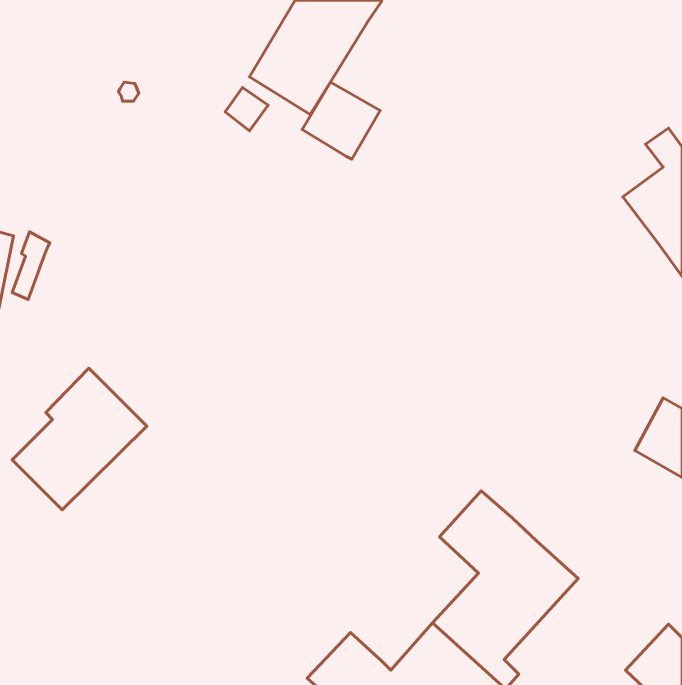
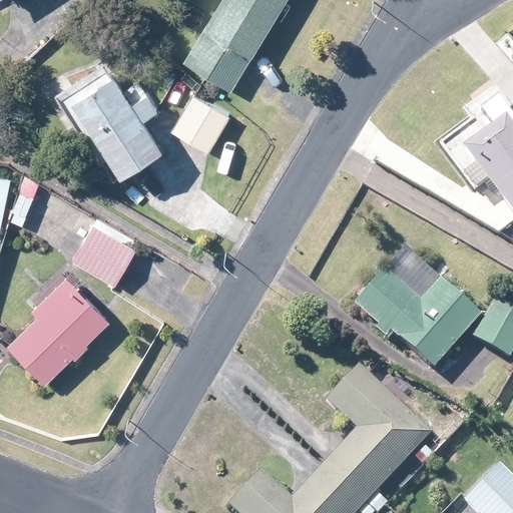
building: [302,82,380,159] -> [171,94,229,151]
building: none -> [77,70,168,173]
building: none -> [73,224,135,284]
building: none -> [354,234,480,370]

